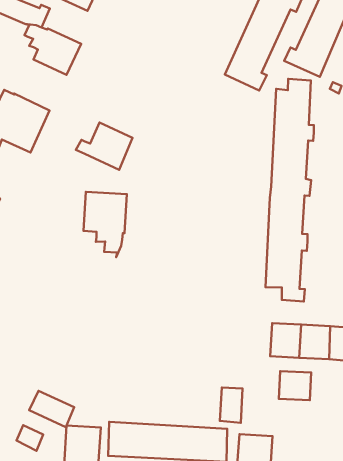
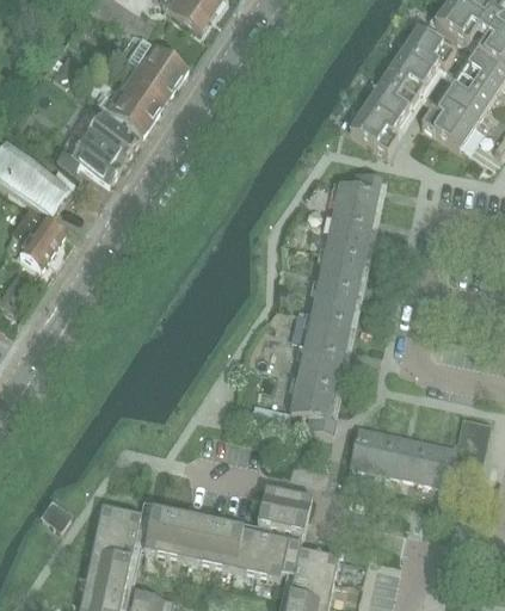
building: [265,79,314,302] -> [290,173,381,434]
building: [76,123,133,170] -> [97,75,165,134]
building: [84,192,127,257] -> none
building: [279,371,311,400] -> none
building: none -> [257,486,288,529]
building: [29,391,74,427] -> none

